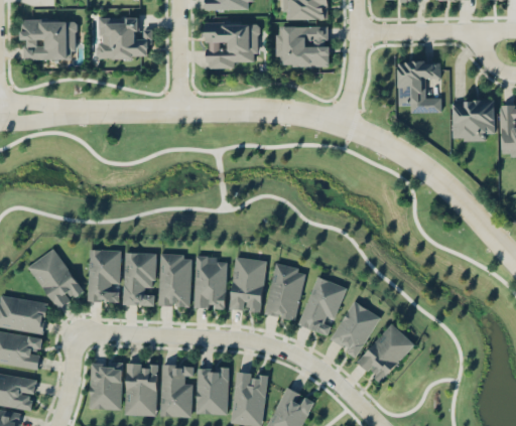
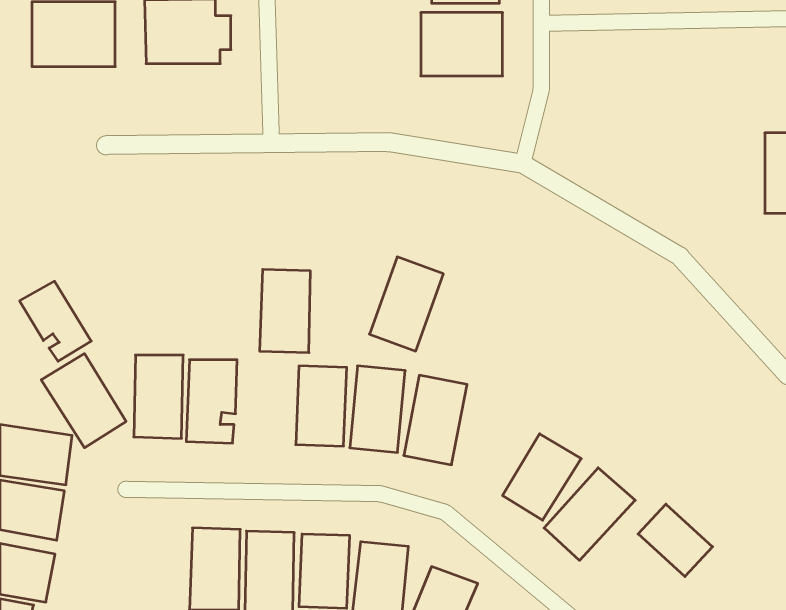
building: [206,22,260,68] -> none
building: [398,61,441,113] -> none
building: [452,100,495,141] -> none
building: none -> [20,281,91,361]
building: [158,254,191,308] -> [260,269,310,353]
building: [298,276,347,337] -> [369,257,443,351]
building: none -> [638,504,713,577]
building: [90,362,123,410] -> none

